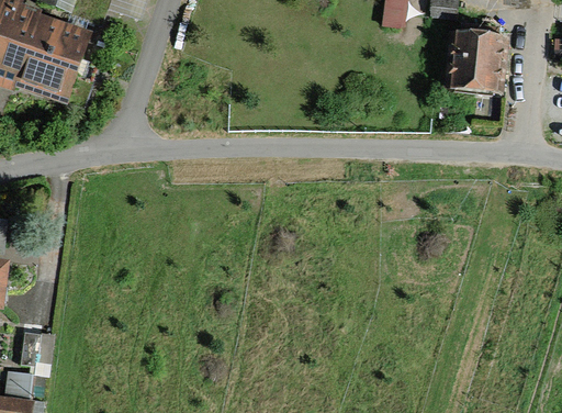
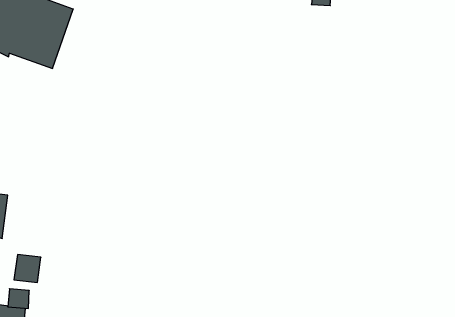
building: [448,26,509,94] -> none

